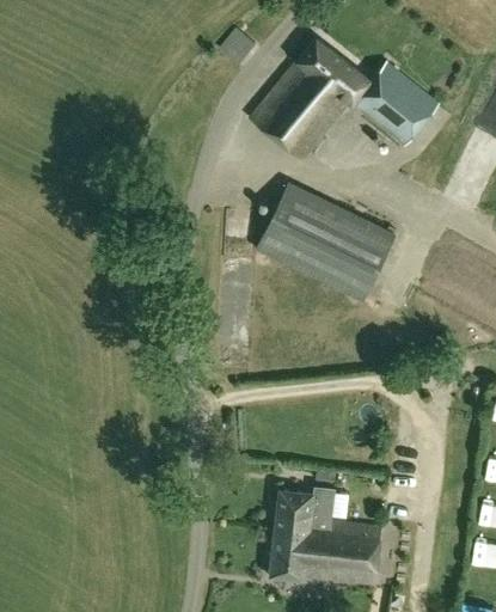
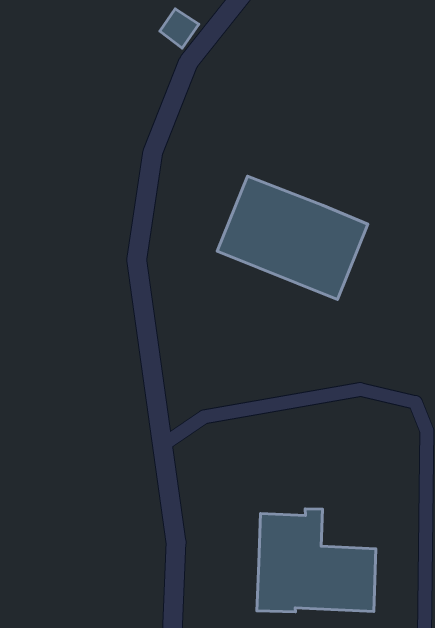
building: [251,37,439,159] -> none

